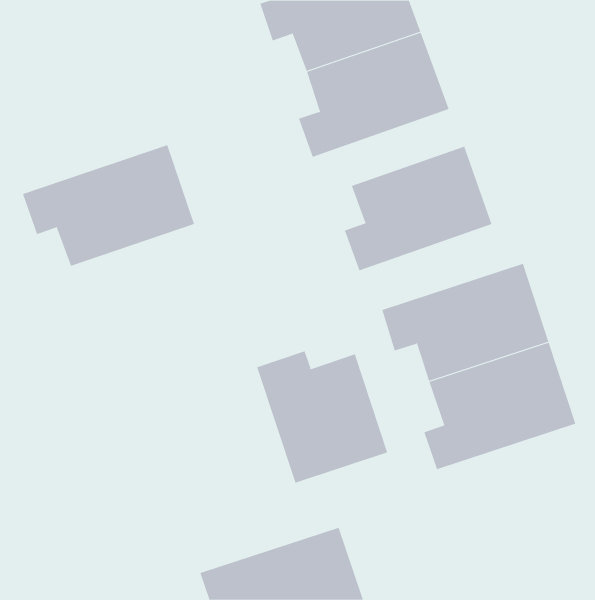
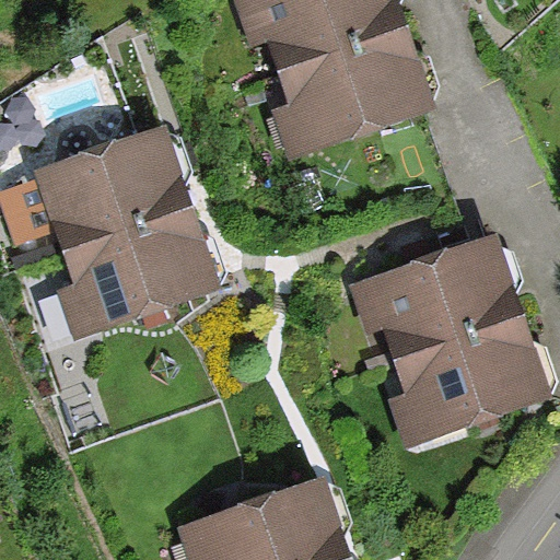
building: [344,146,492,271] -> none
building: none -> [61,209,208,330]
building: [257,350,388,484] -> none

